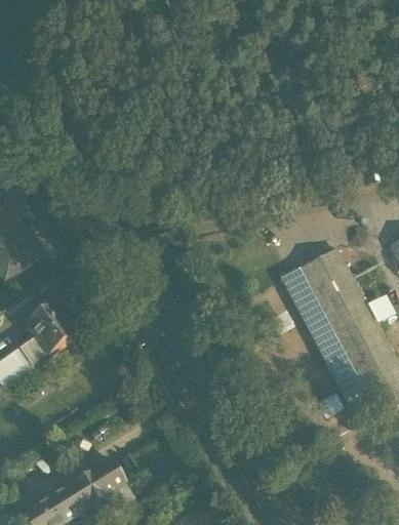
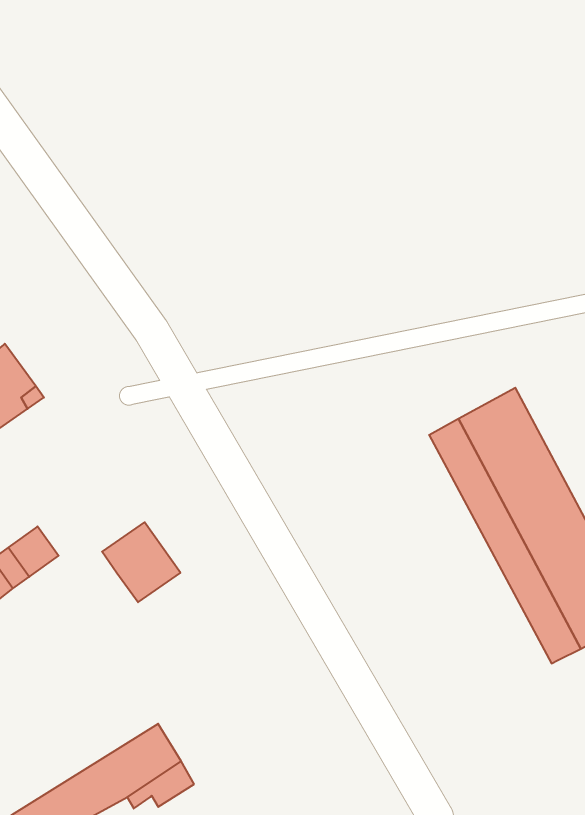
building: [25,302,74,353] -> [102,522,180,602]

